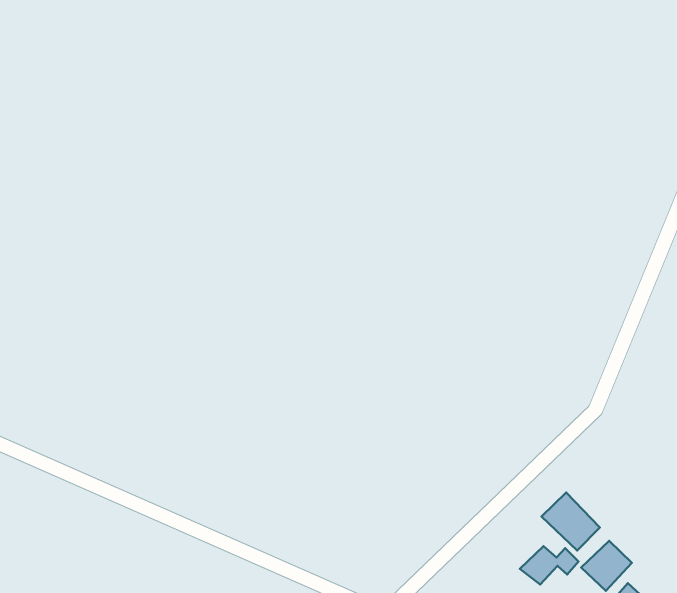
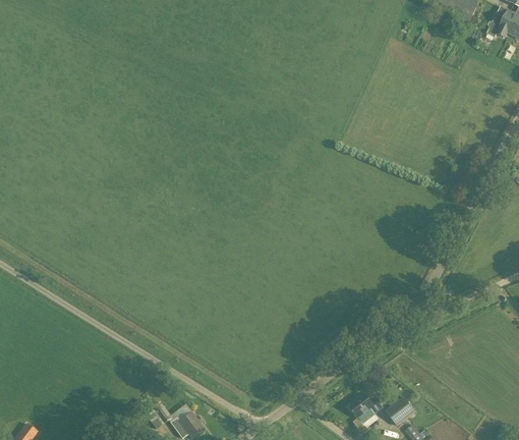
building: [542,492,600,550] -> none

